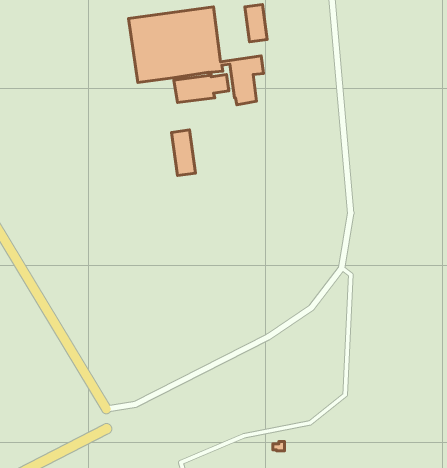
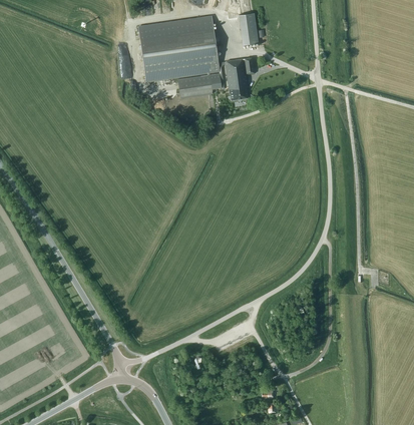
building: [171,130,195,176] -> none

